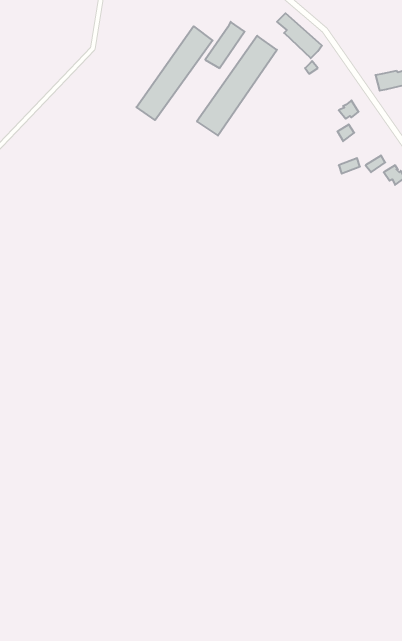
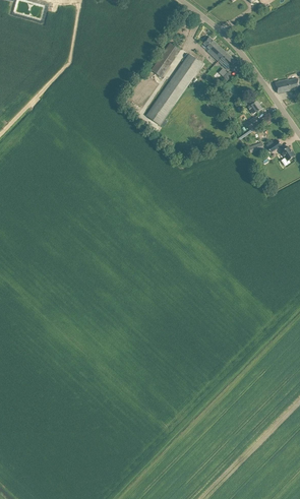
building: [136,26,213,120] -> none

